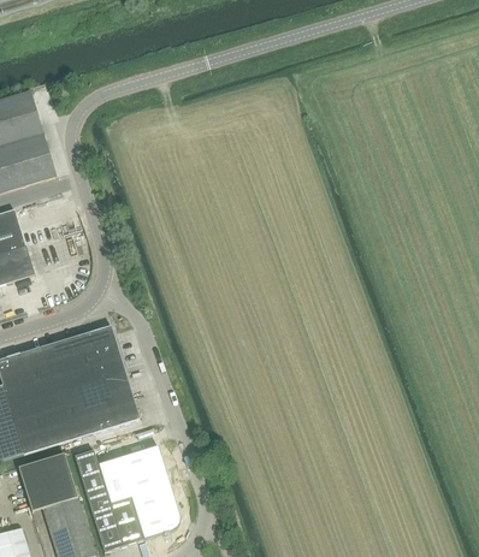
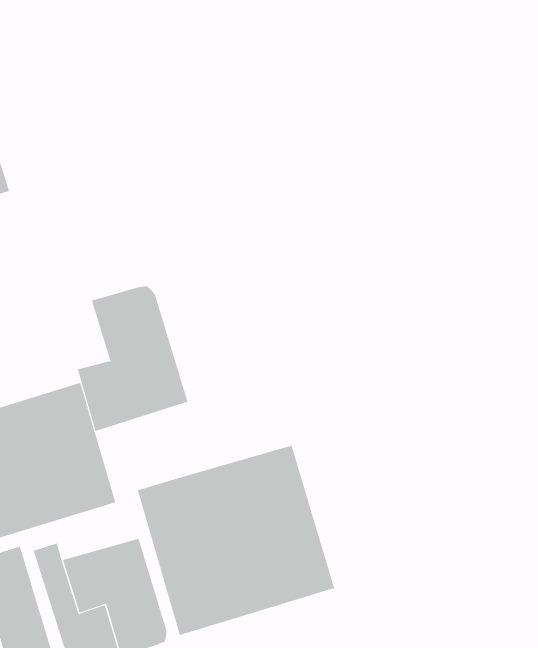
building: none -> [77,286,188,432]
building: none -> [137,445,335,636]

